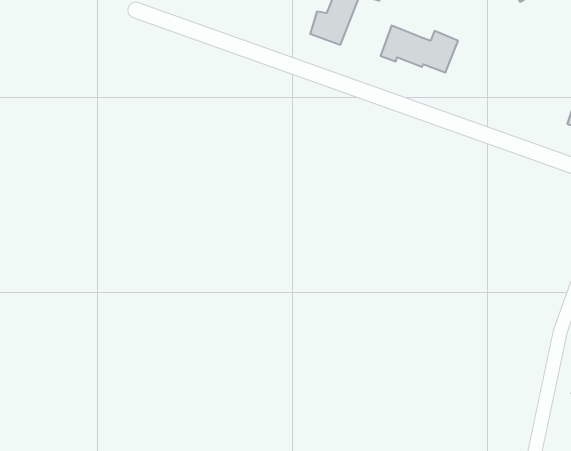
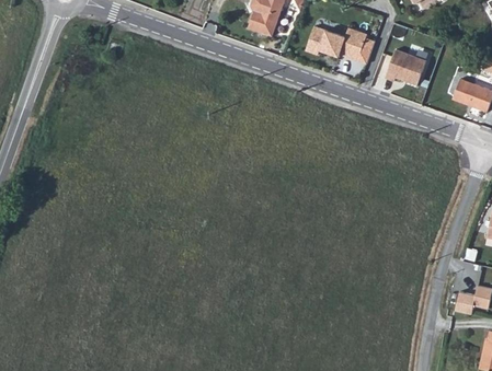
building: none -> [382,46,425,83]

